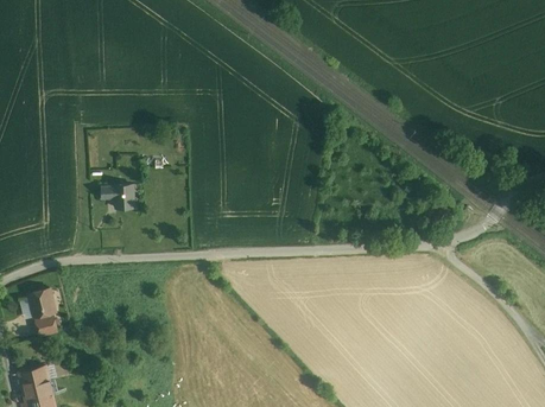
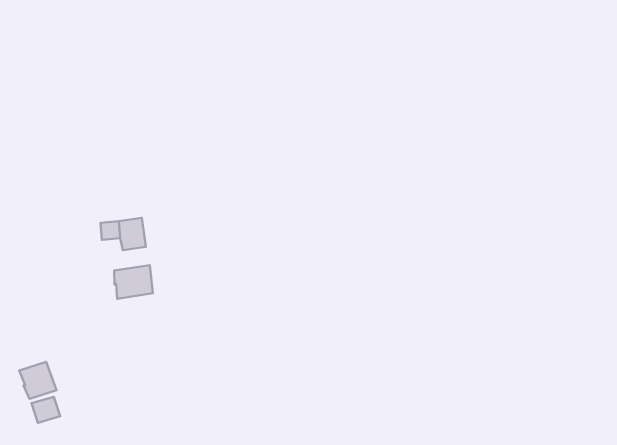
building: none -> [114,265,153,299]

